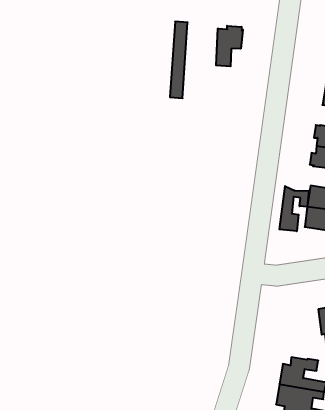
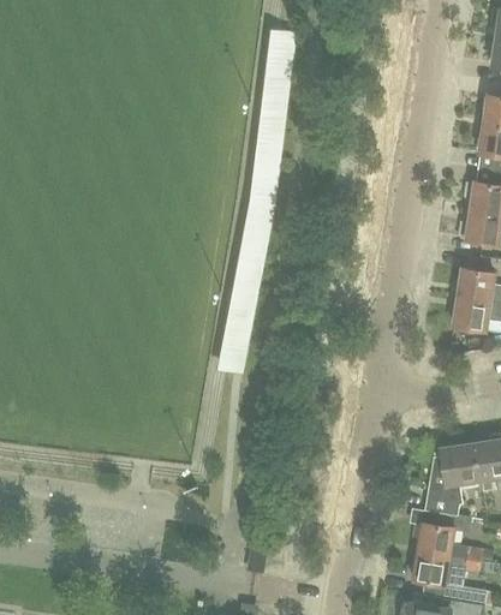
building: [216,26,243,66] -> none
building: [279,186,309,231] -> none
building: none -> [423,443,477,515]

